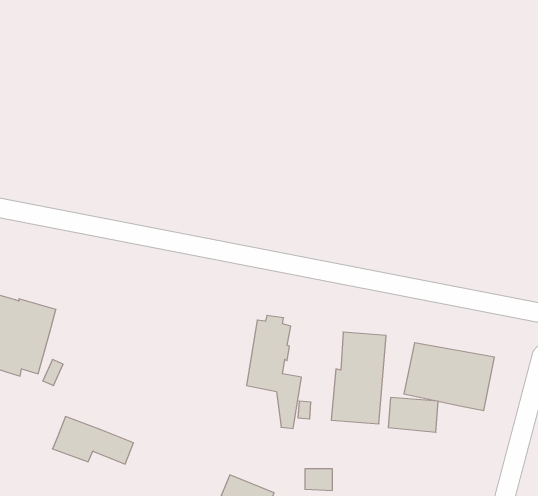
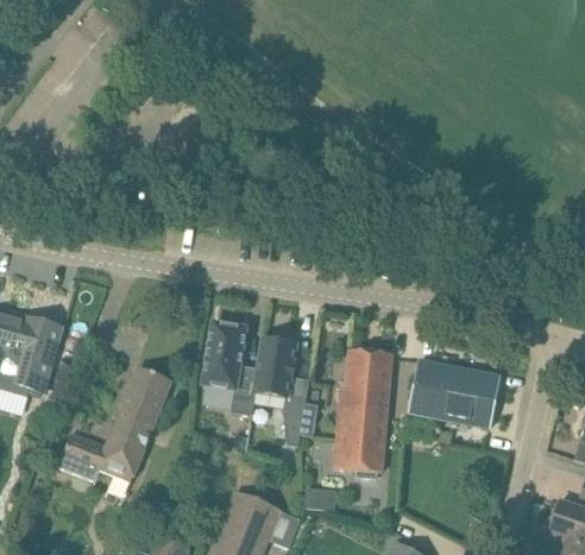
building: none -> [202,322,258,415]
building: none -> [106,367,170,460]
building: [388,398,438,432] -> [334,437,384,472]

